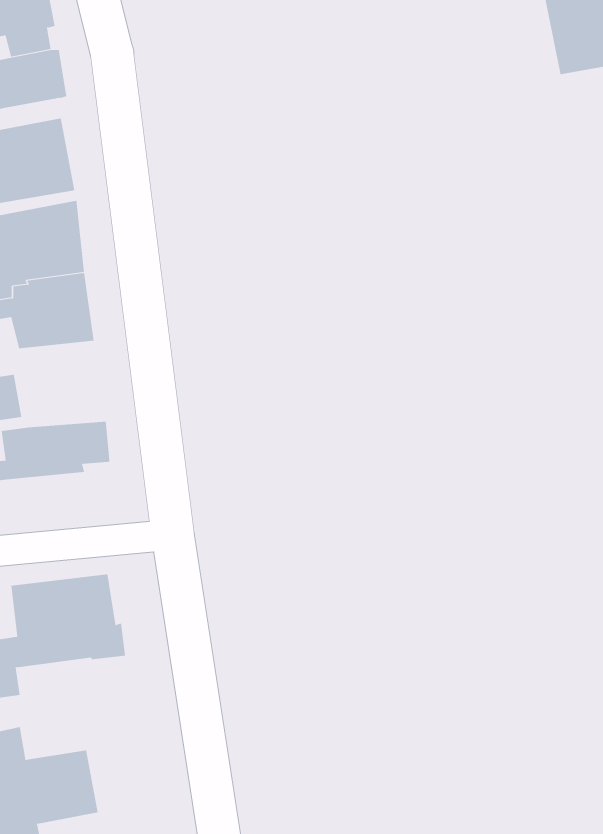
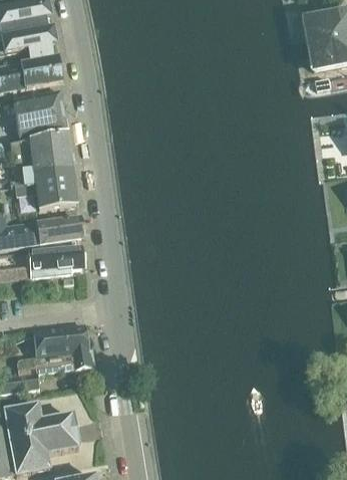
building: none -> [36,216,81,244]

